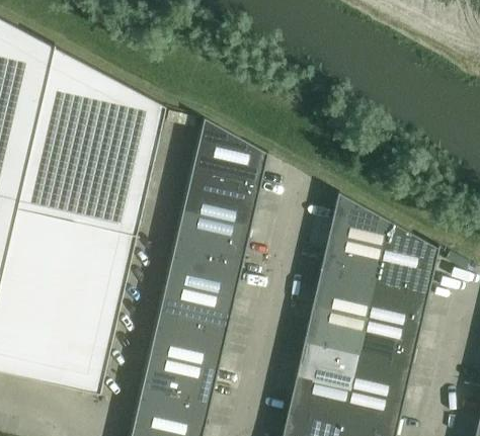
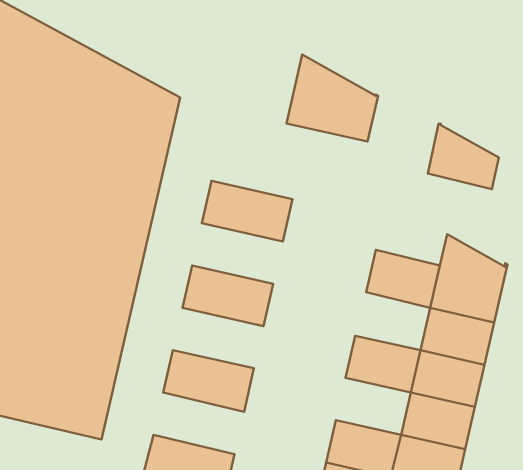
building: [190,119,267,192] -> [286,55,378,142]
building: [328,193,388,248] -> [428,124,499,189]
building: [174,212,250,263] -> none
building: [311,270,374,319] -> none
building: [158,283,234,334] -> none
building: [295,342,357,389] -> none
building: [142,354,218,406] -> none

